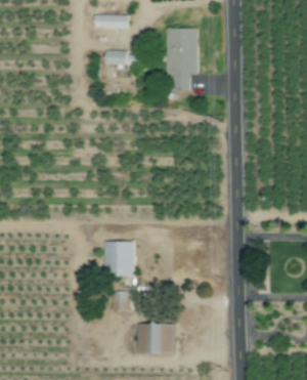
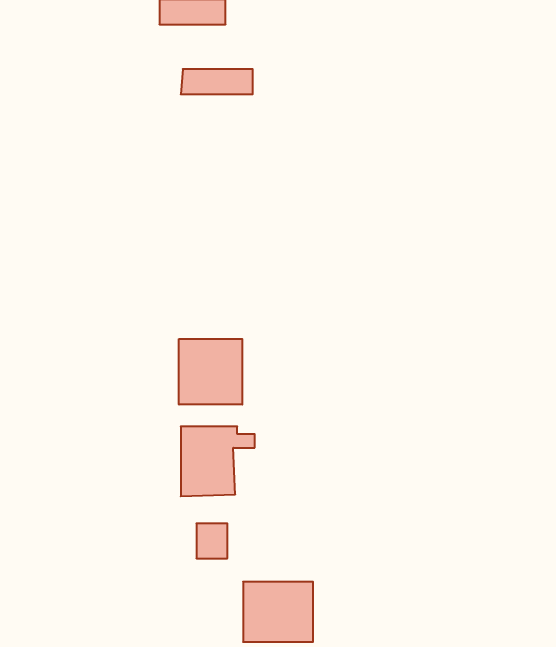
building: [167,29,199,91] -> none
building: none -> [179,339,242,405]

